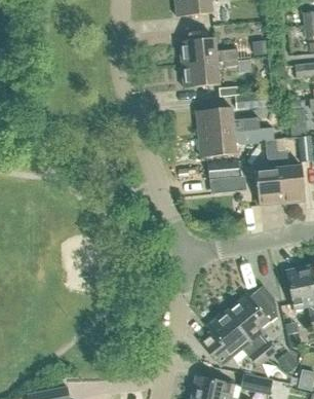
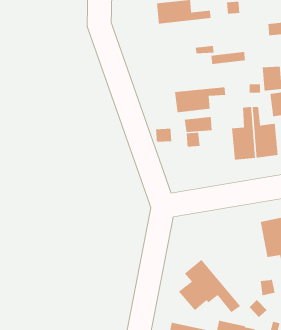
building: [182,58,238,86] -> none
building: [196,108,251,134] -> none
building: [227,284,278,358] -> none

